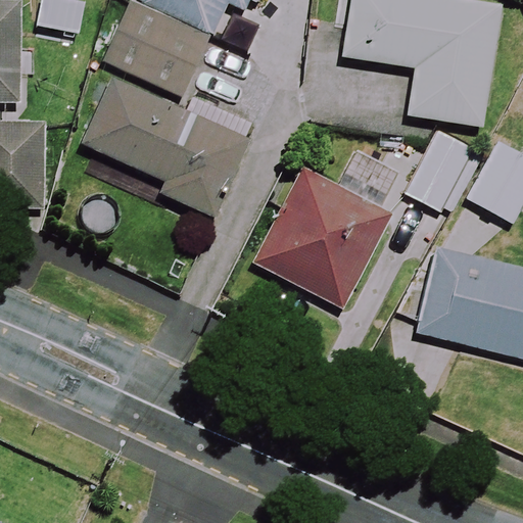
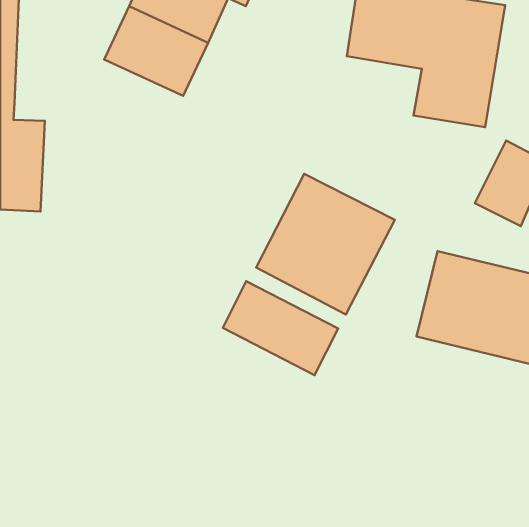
building: [84,79,247,216] -> none
building: [408,131,481,213] -> none
building: none -> [223,281,338,375]

